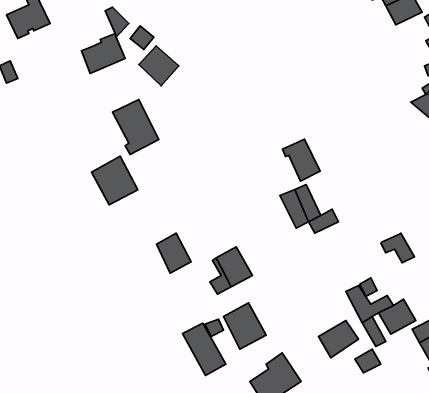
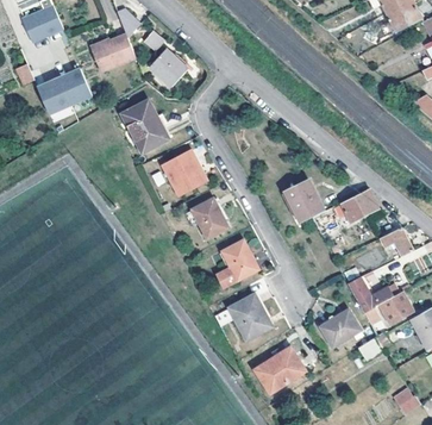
building: none -> [38,67,95,114]
building: [282,139,320,181] -> none
building: [92,156,138,205] -> [163,149,207,195]
building: none -> [343,190,378,221]
building: [156,233,191,273] -> [194,199,227,237]
building: [183,323,226,376] -> none

